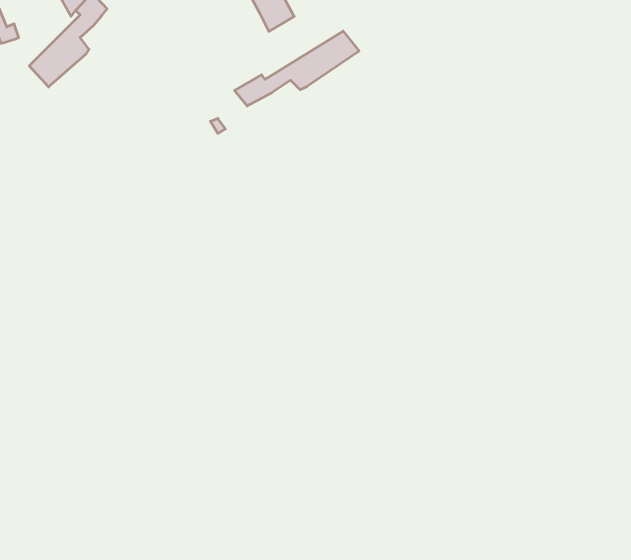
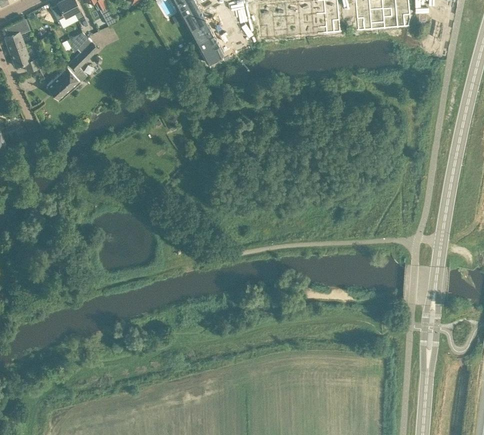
building: [235,31,359,106] -> none

